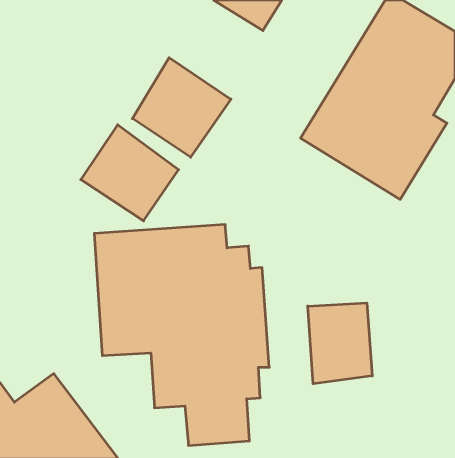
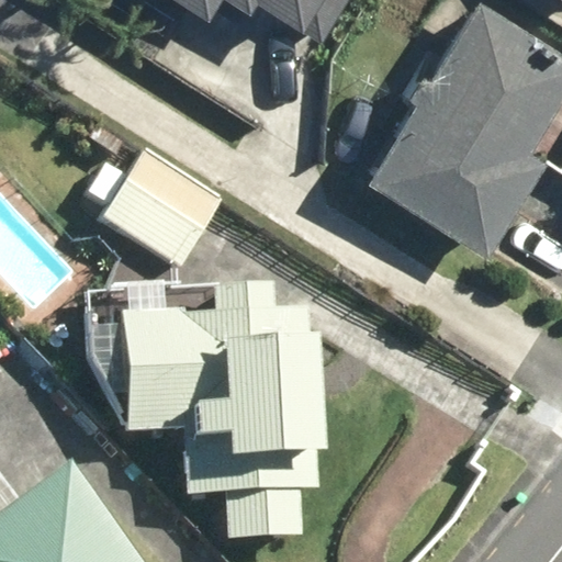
building: [132,58,231,157] -> none
building: [308,303,372,384] -> none

